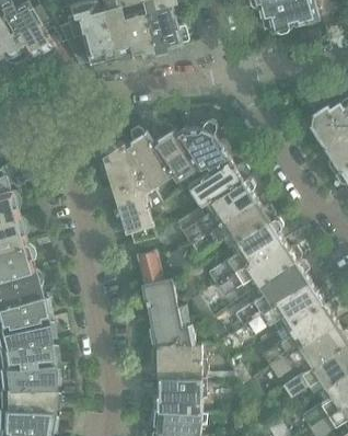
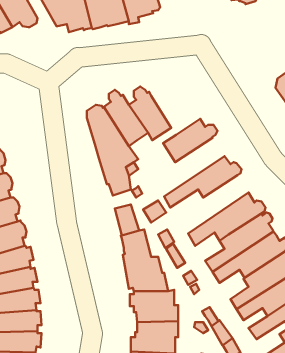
building: [177,122,231,169] -> none
building: [177,177,257,242] -> none
building: [210,219,283,283] -> none

